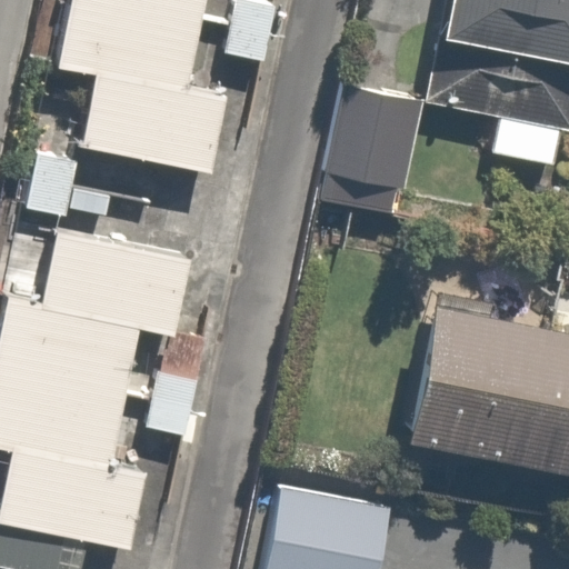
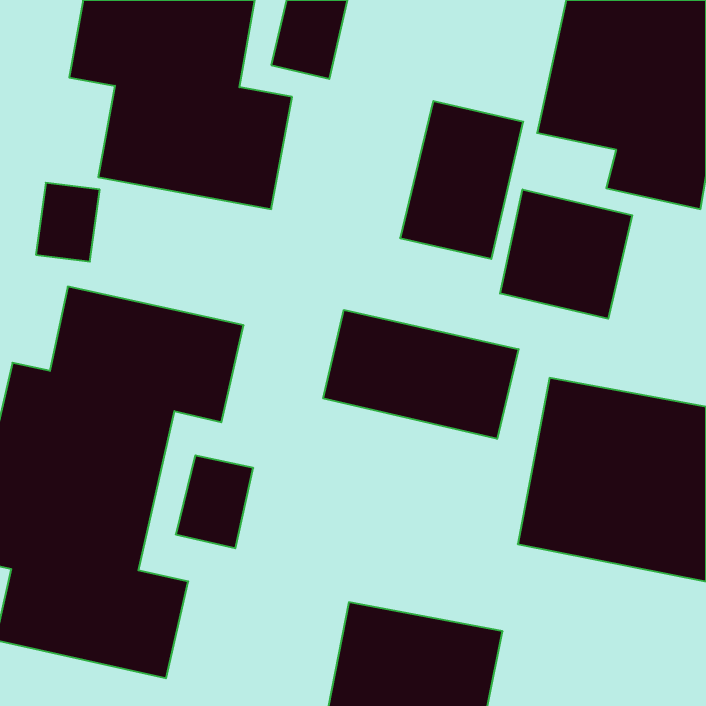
building: none -> [500,189,632,319]
building: none -> [323,310,519,439]

